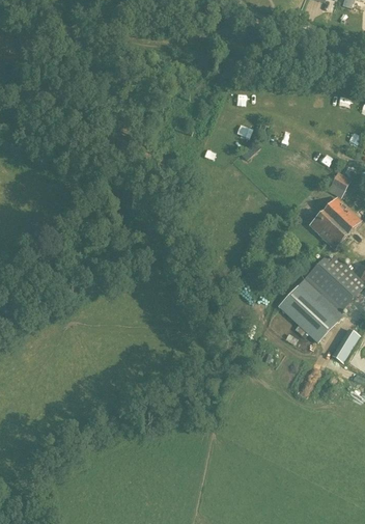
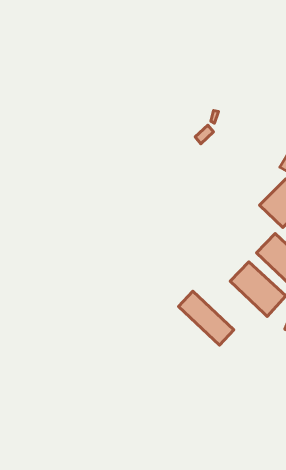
building: none -> [179,291,234,345]

